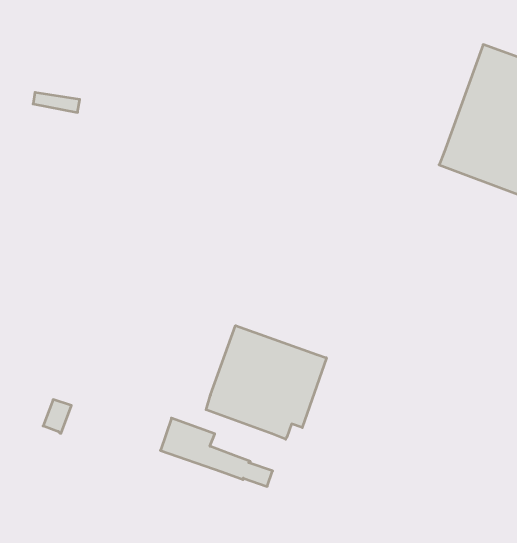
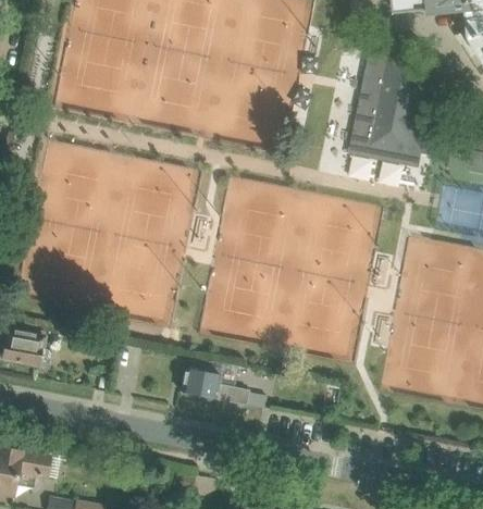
building: [206,326,326,439] -> none

